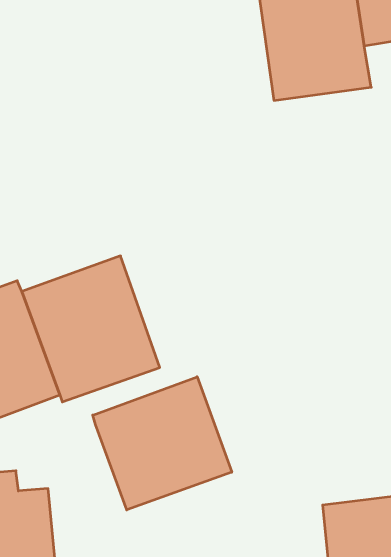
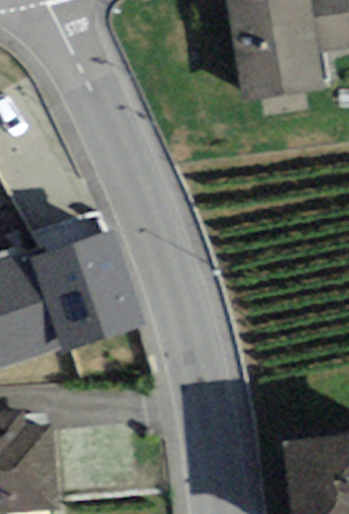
building: [93,377,232,510] -> none

